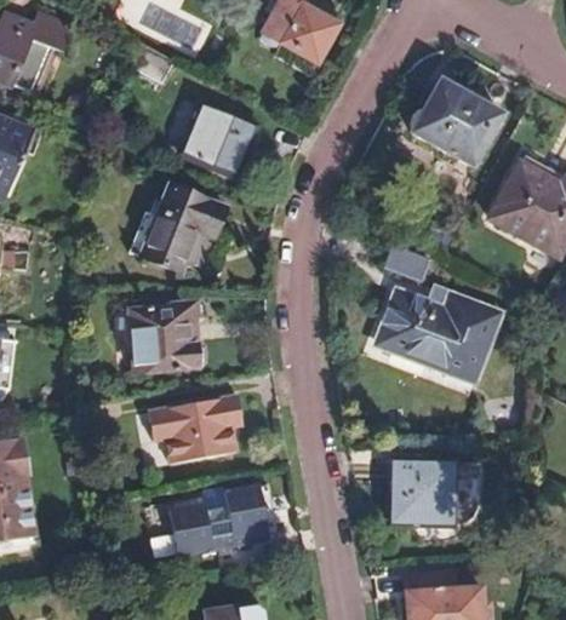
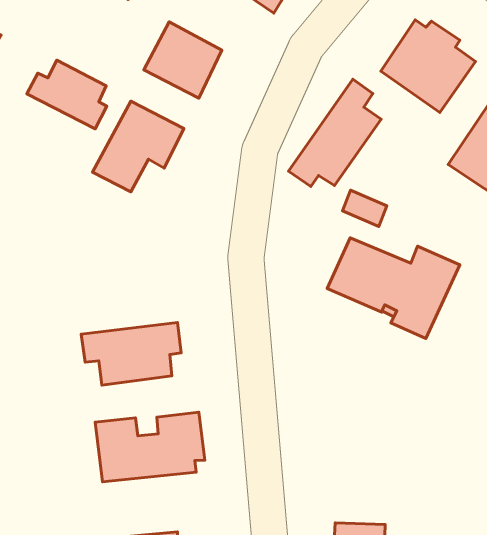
building: none -> [289,79,381,186]
building: none -> [27,60,107,129]
building: [131,306,204,373] -> none
building: [389,458,481,522] -> none

